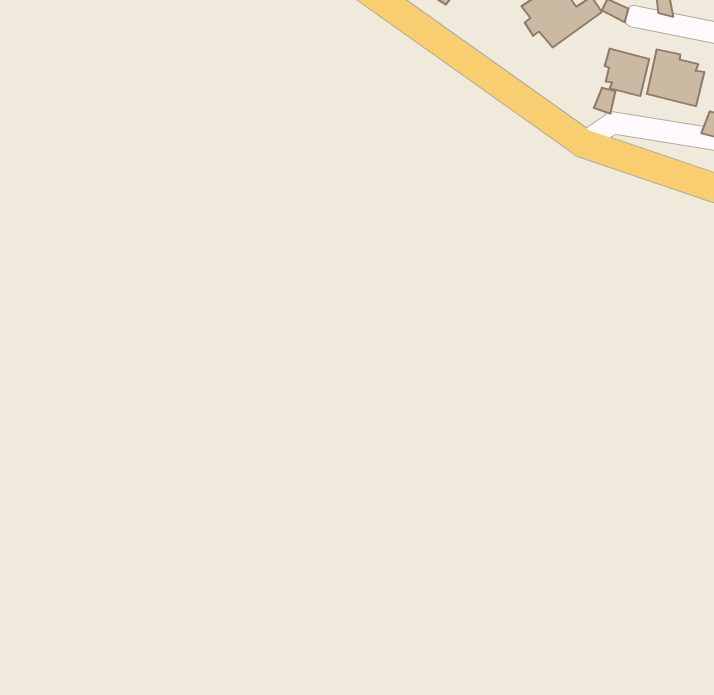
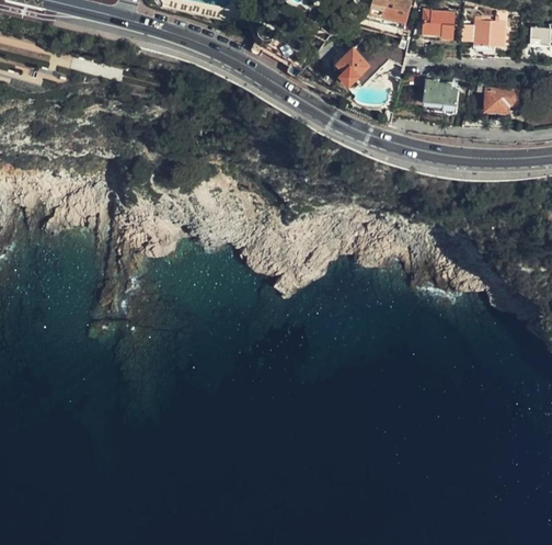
building: [605,48,649,96] -> none

